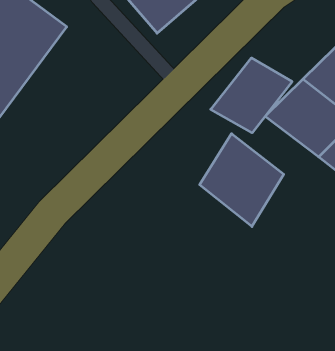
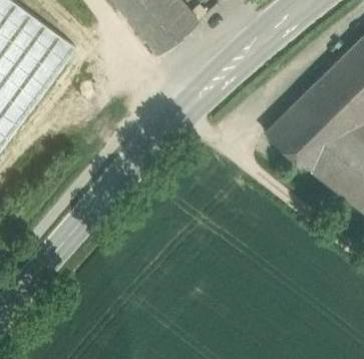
building: [211,58,292,133] -> none
building: [200,134,284,227] -> none

